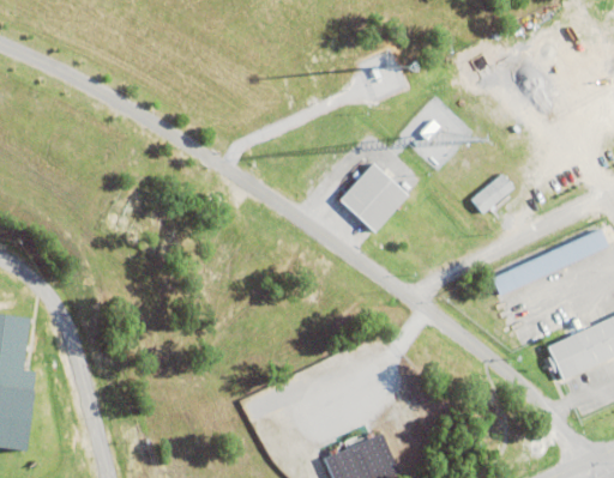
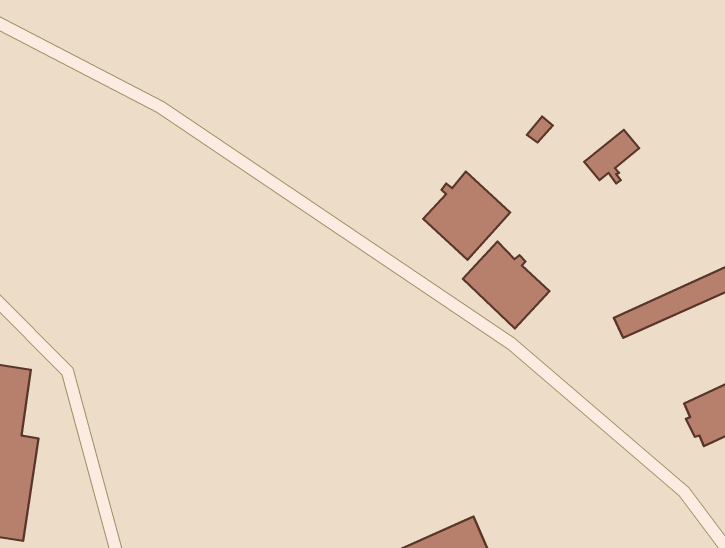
building: [470,175,513,217] -> [584,130,639,183]
building: none -> [463,242,550,329]

